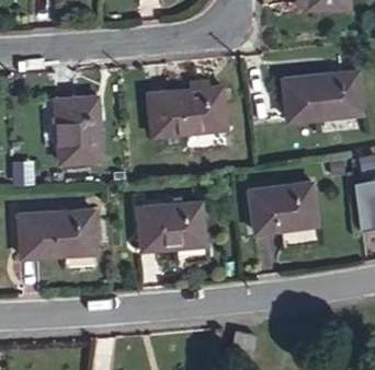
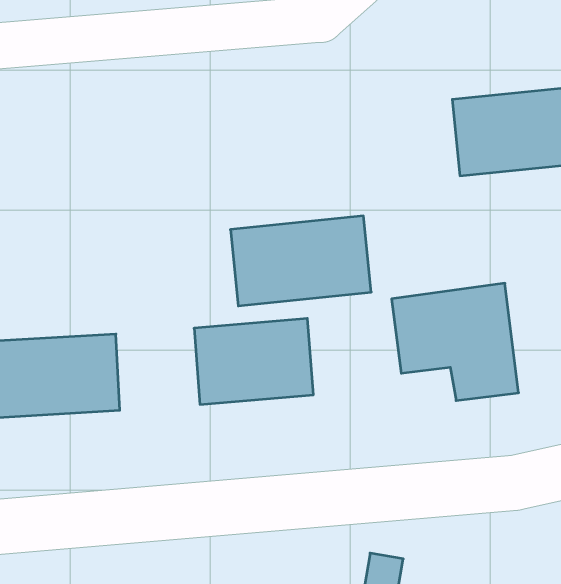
building: [148,85,227,136] -> [230,216,371,306]
building: [43,96,103,163] -> none

